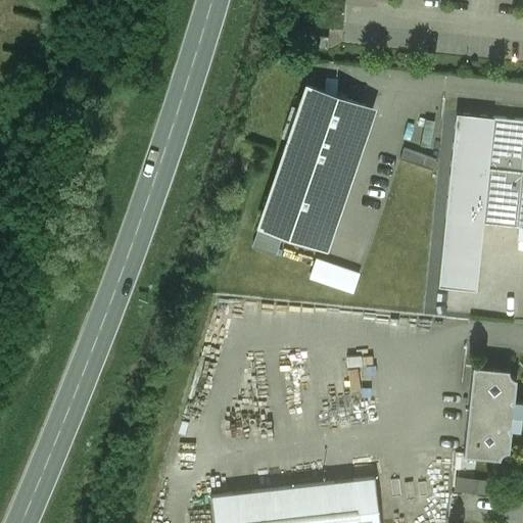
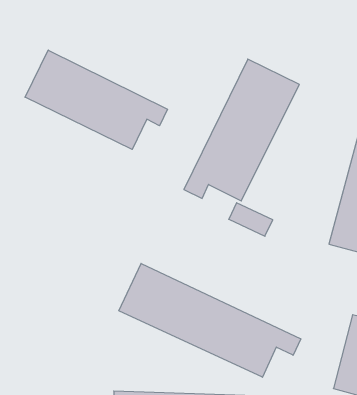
building: none -> [25,50,167,149]
building: none -> [119,263,301,377]

